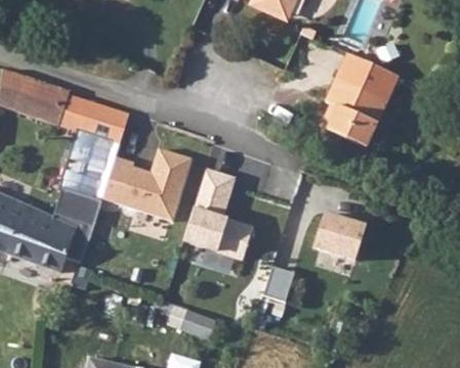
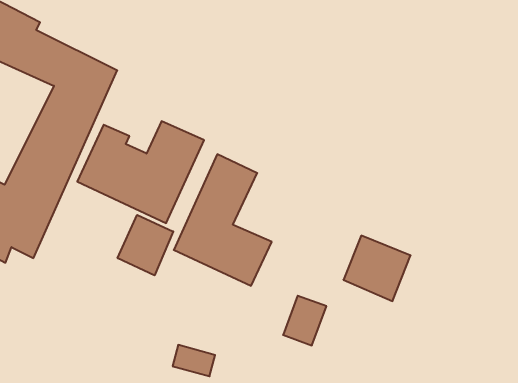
building: [321,55,399,150] -> none
building: none -> [118,215,173,275]

